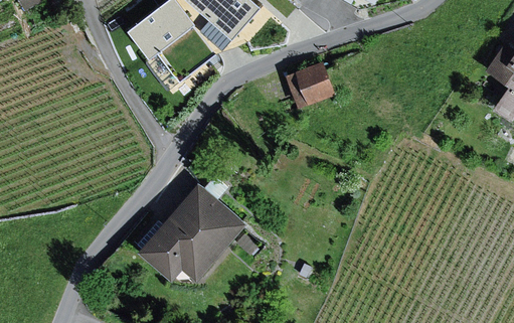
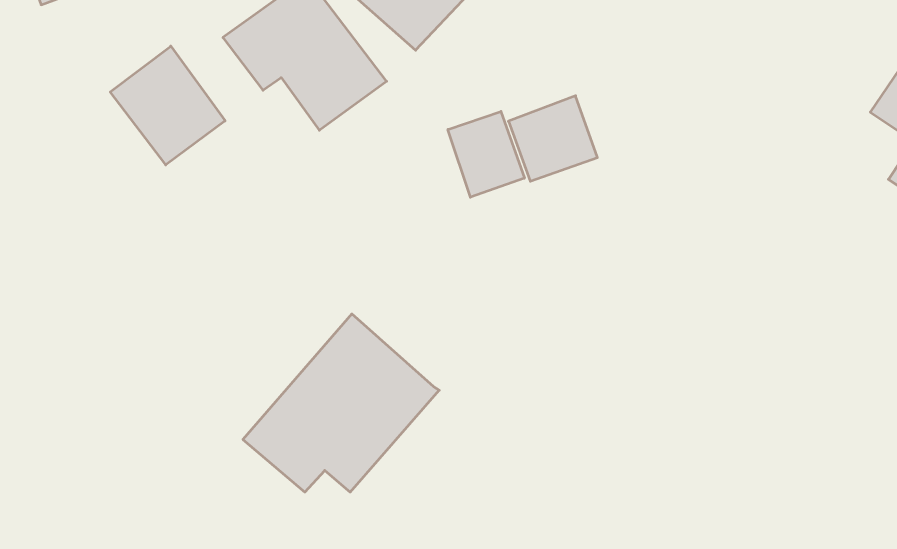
building: none -> [110,46,225,165]
building: none -> [448,111,524,197]

